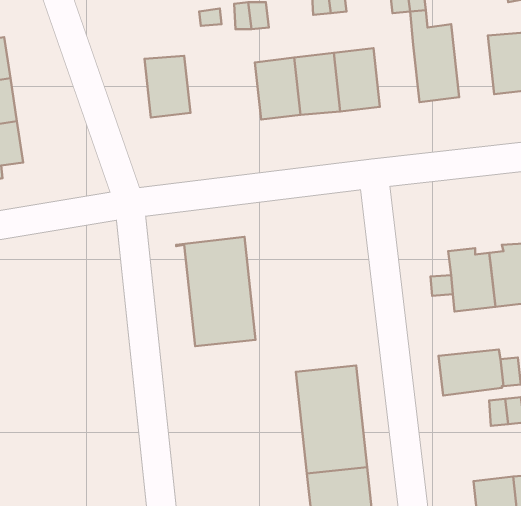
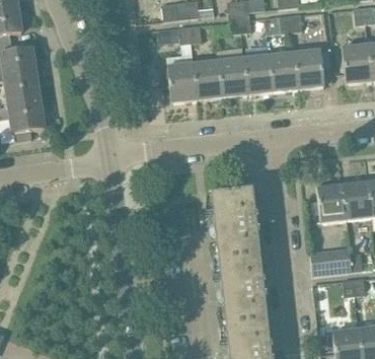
building: none -> [270,52,299,91]
building: [145,56,191,118] -> [168,63,198,102]
building: [176,237,255,346] -> [208,191,258,261]

